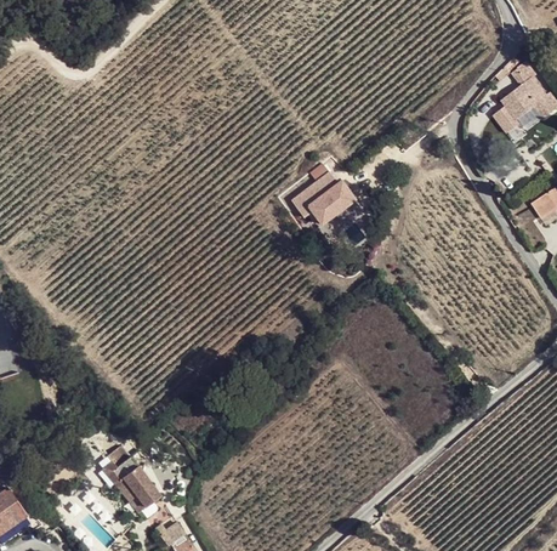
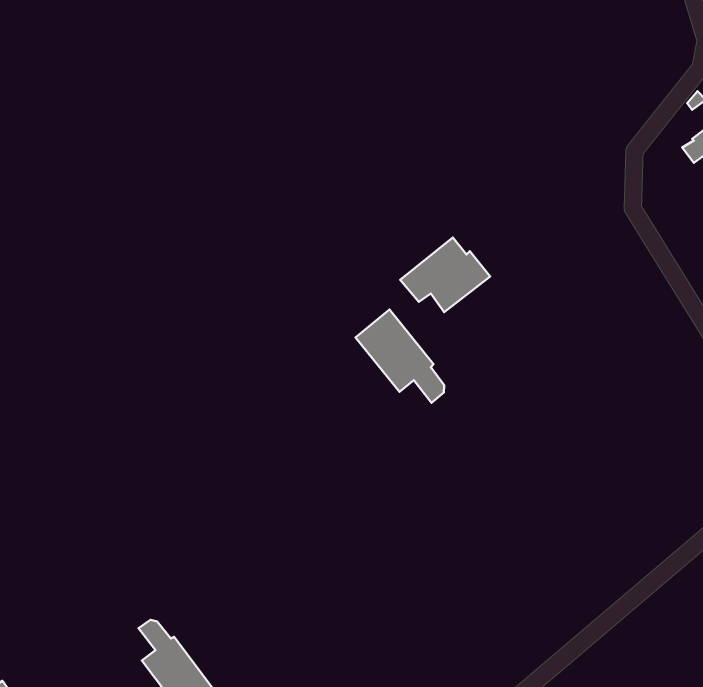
building: none -> [356,310,444,403]

